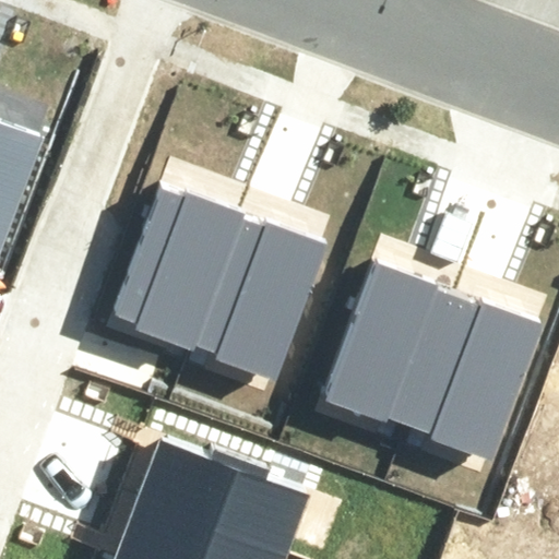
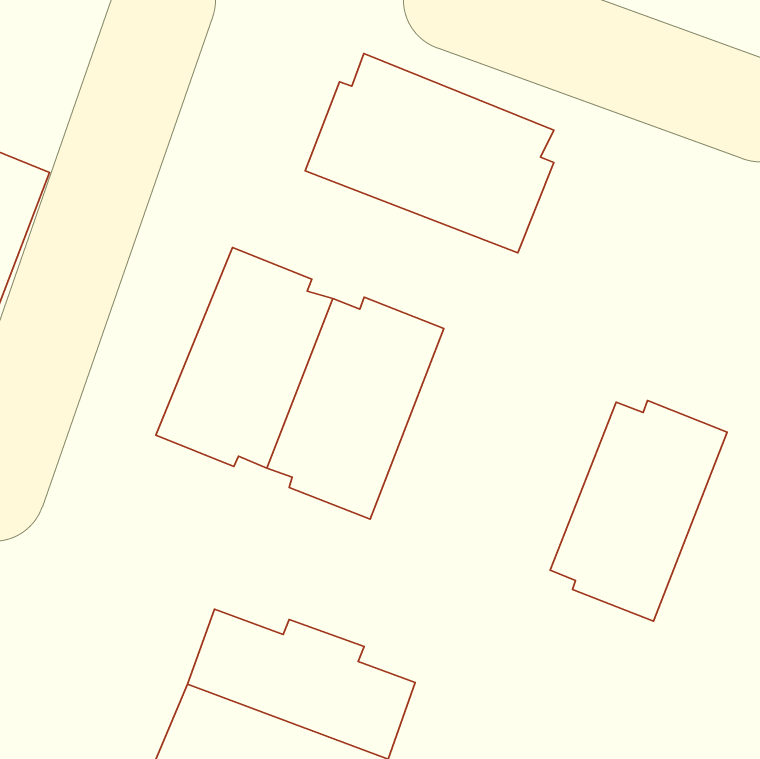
building: none -> [305,53,554,253]
building: [320,261,449,420] -> none

